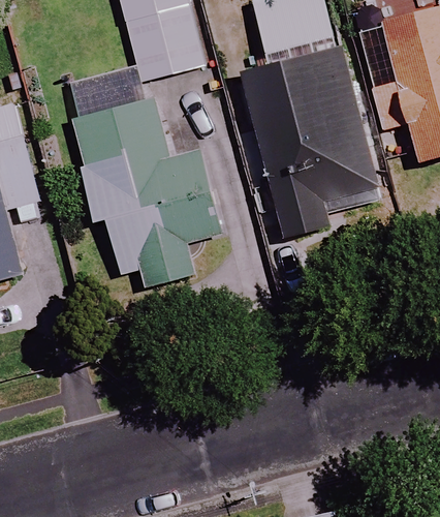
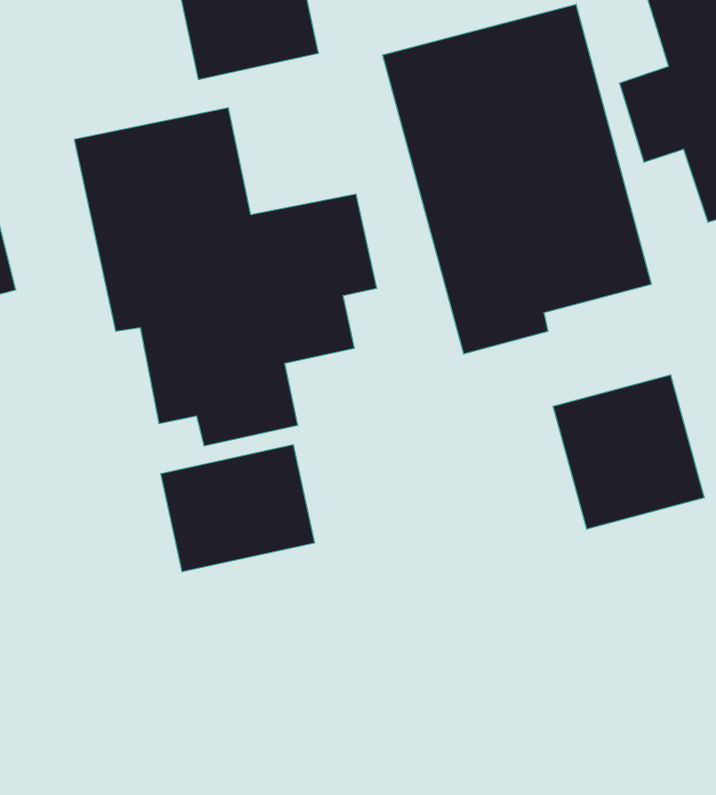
building: none -> [553,375,704,529]
building: none -> [161,445,314,572]

